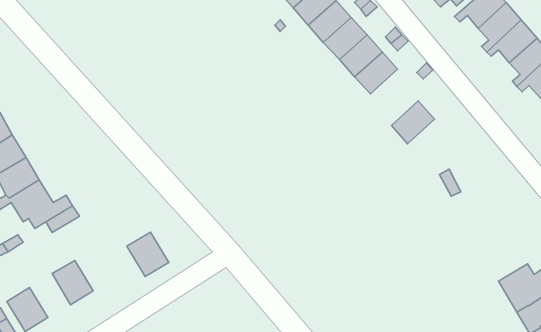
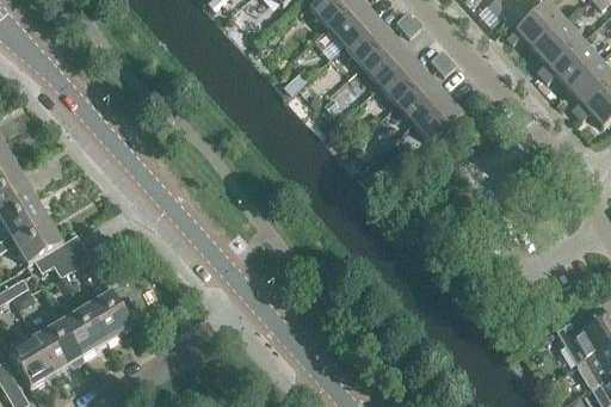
building: [391,101,434,144] -> [413,94,461,142]
building: [127,232,169,276] -> [85,291,131,340]
building: none -> [35,321,80,370]

